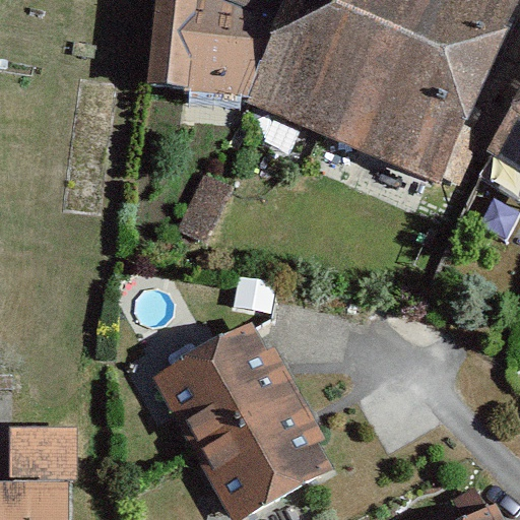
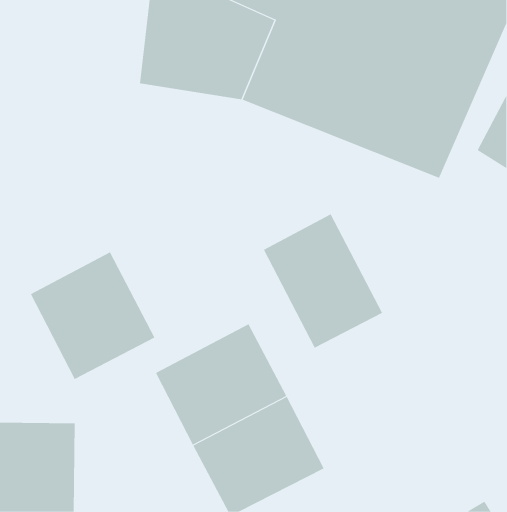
building: none -> [263,214,383,348]
building: none -> [30,252,155,380]

